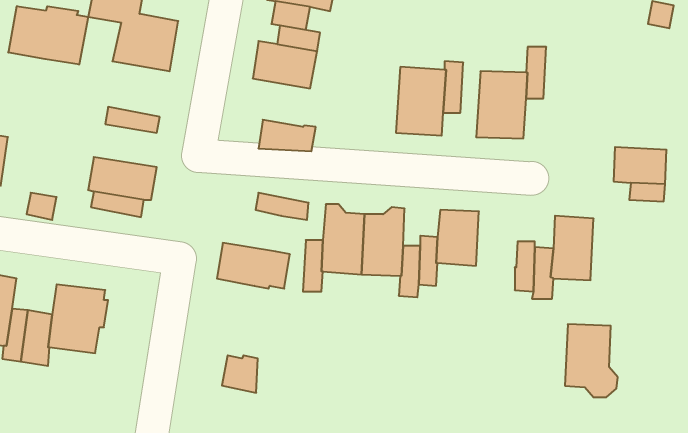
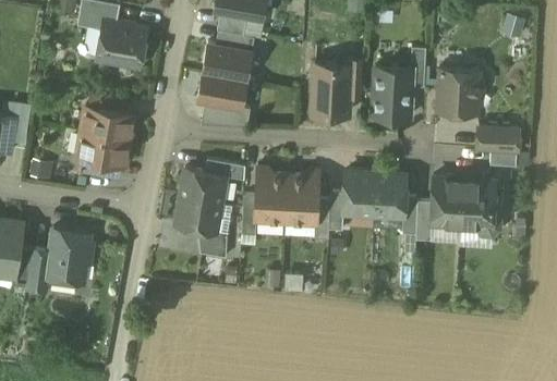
building: [8,6,88,65] -> none
building: none -> [437,67,482,113]
building: none -> [197,72,246,109]
building: none -> [82,106,134,139]
building: none -> [180,169,225,204]
building: none -> [373,173,405,216]
building: [565,324,618,397] -> [460,179,500,234]
building: [222,355,258,393] -> [199,230,227,258]

